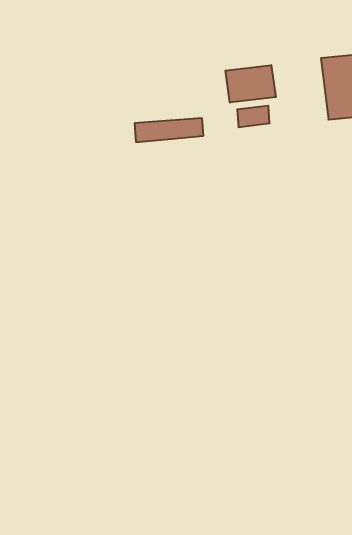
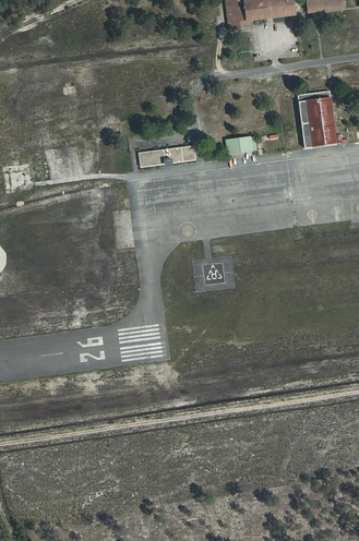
building: [225,65,276,103] -> none

